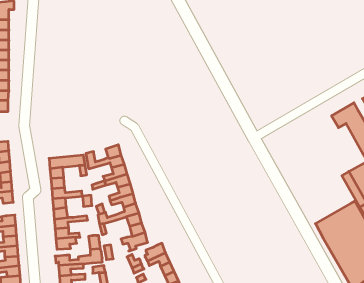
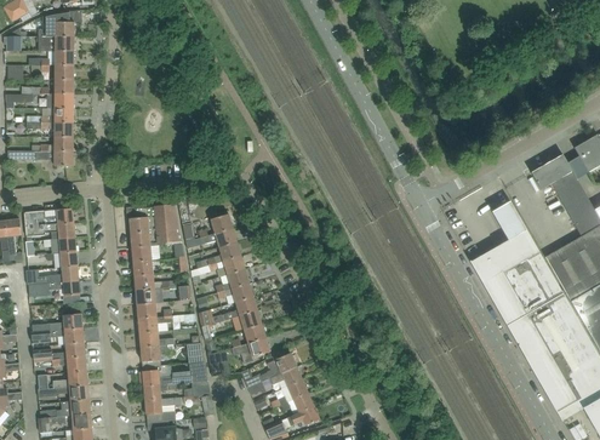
building: none -> [470,201,562,325]
building: none -> [128,205,178,233]

